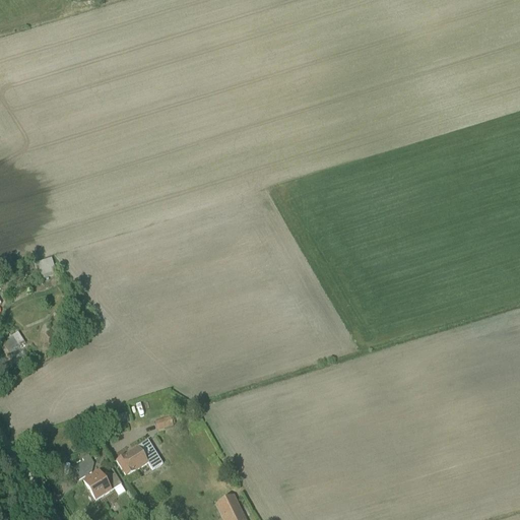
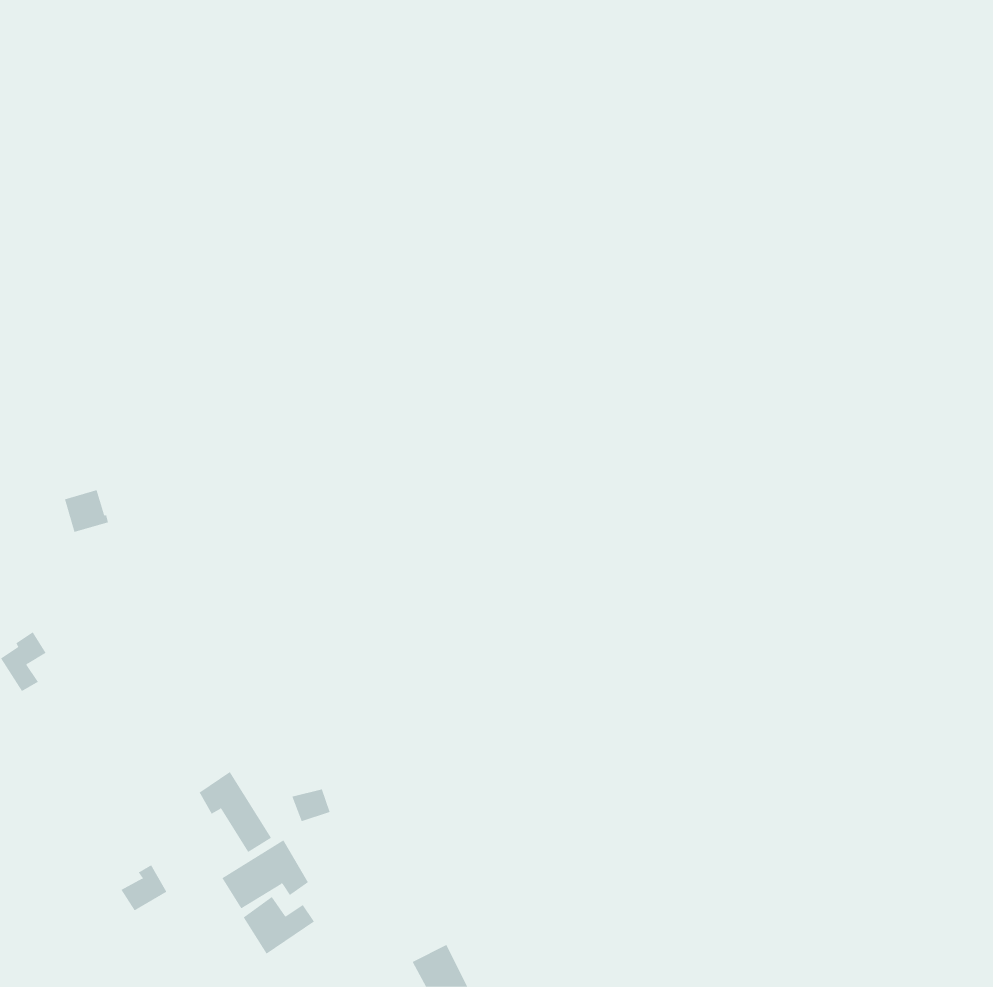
building: none -> [199,771,272,853]
building: [83,468,121,499] -> [243,896,315,955]

